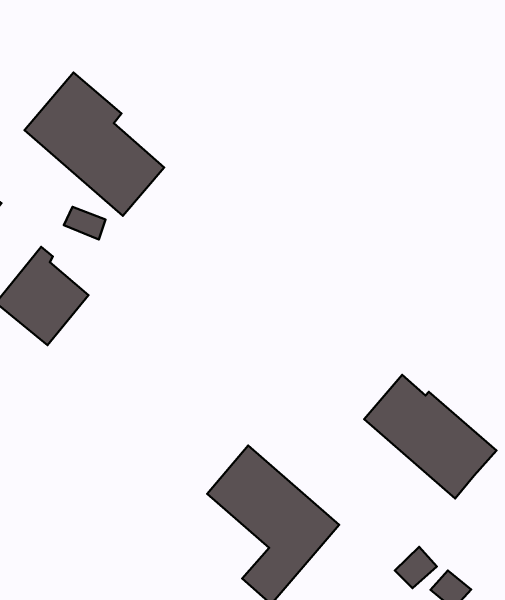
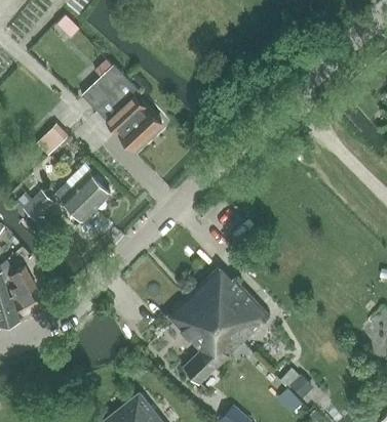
building: [364,375,496,499] -> [193,267,268,342]

